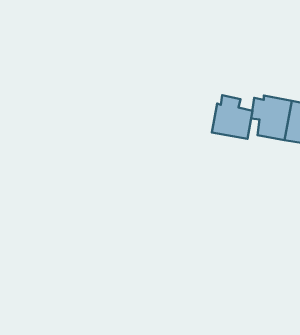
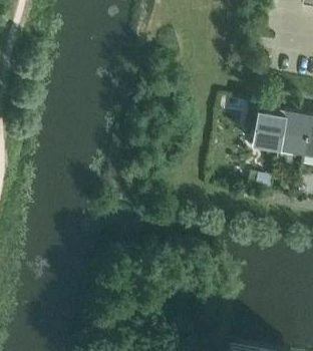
building: [212,95,252,139] -> none

